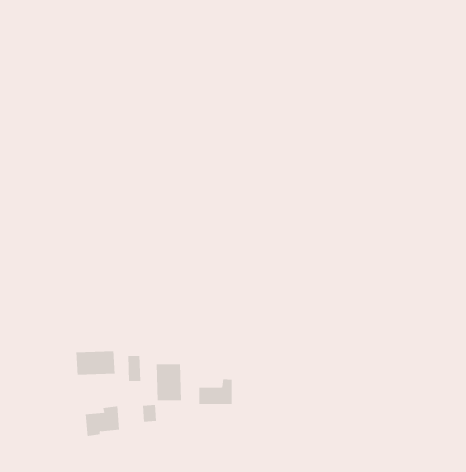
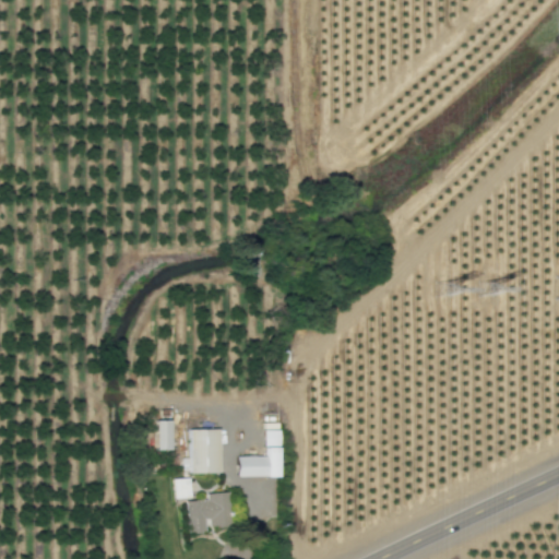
building: [76,350,115,375] -> none
building: [85,406,120,436] -> [187,491,228,527]

